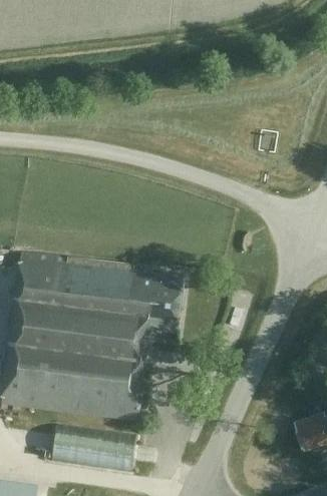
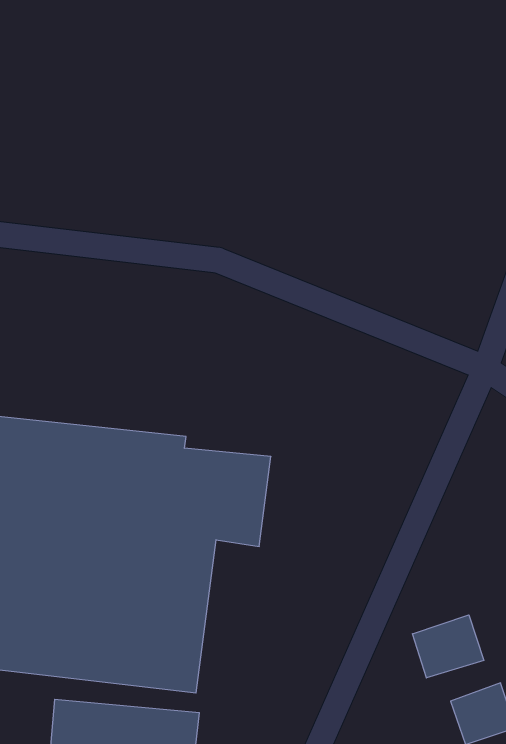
building: none -> [412,615,484,678]

